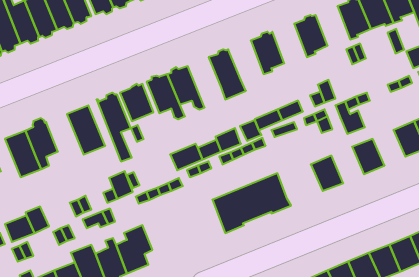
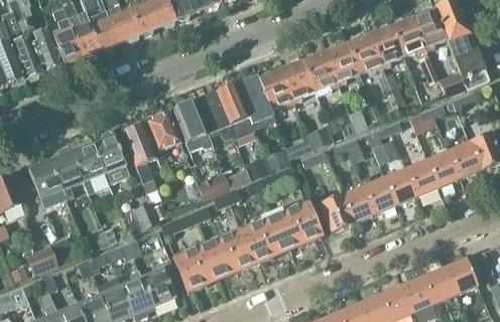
building: none -> [347,32,382,72]
building: none -> [302,50,338,91]
building: none -> [257,67,293,108]
building: none -> [216,85,255,138]
building: none -> [71,138,109,192]
building: none -> [405,159,439,195]
building: none -> [361,176,396,213]
building: none -> [320,194,354,232]
building: none -> [174,230,254,292]

